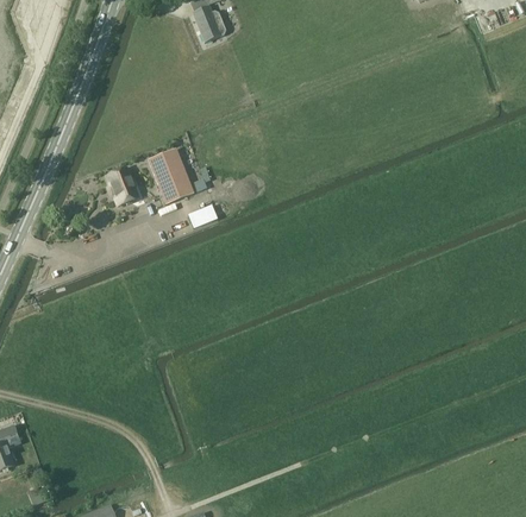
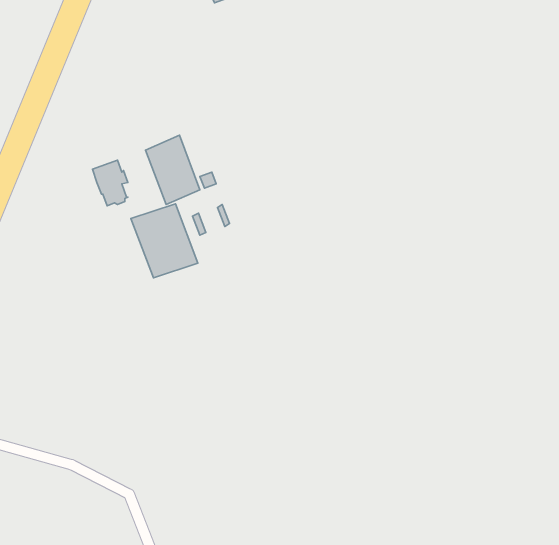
building: none -> [131,204,198,278]

